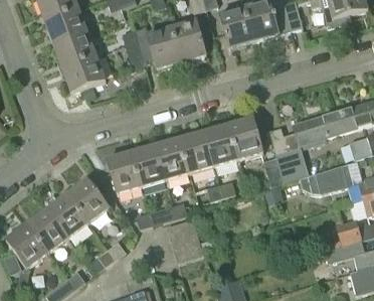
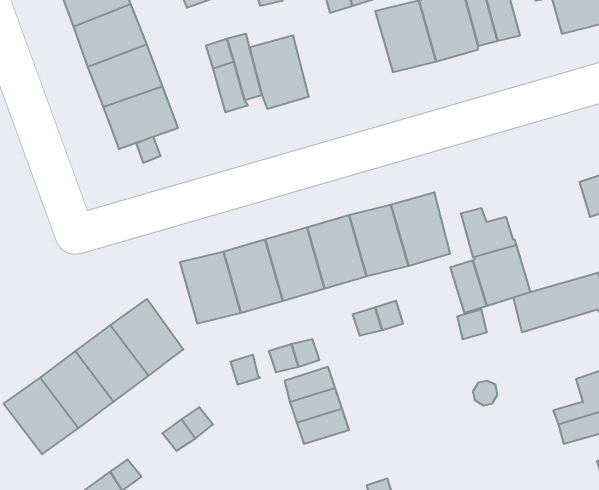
building: [173,20,207,62] -> none
building: [294,112,344,145] -> none

